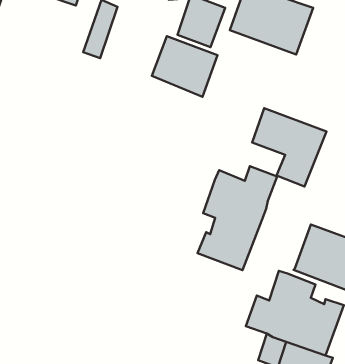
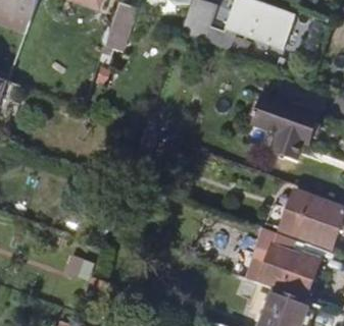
building: [152,36,217,97] -> none
building: [198,166,277,270] -> none

